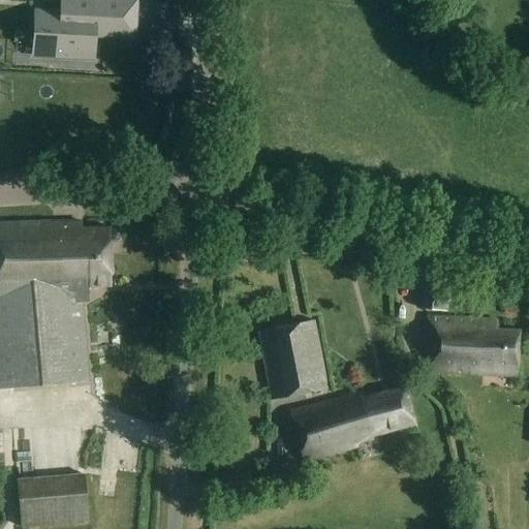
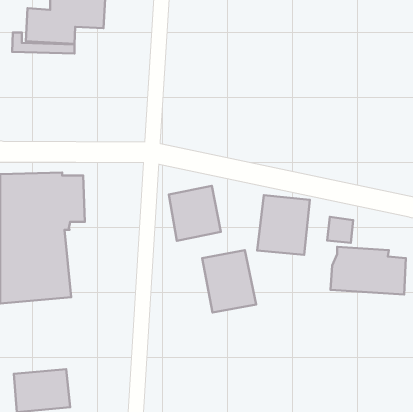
building: none -> [169,186,221,241]
building: none -> [257,195,310,255]
building: [290,387,414,460] -> none

